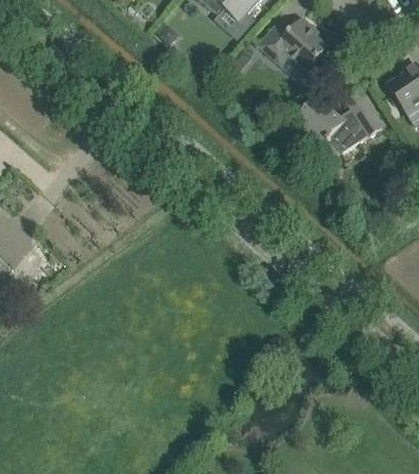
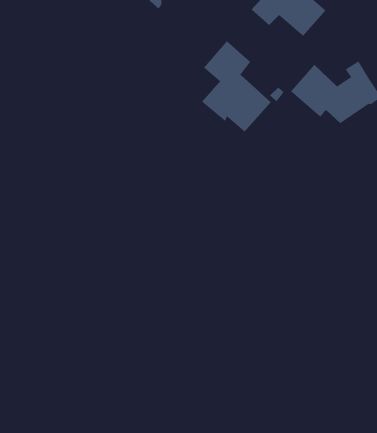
building: none -> [201,41,272,132]

